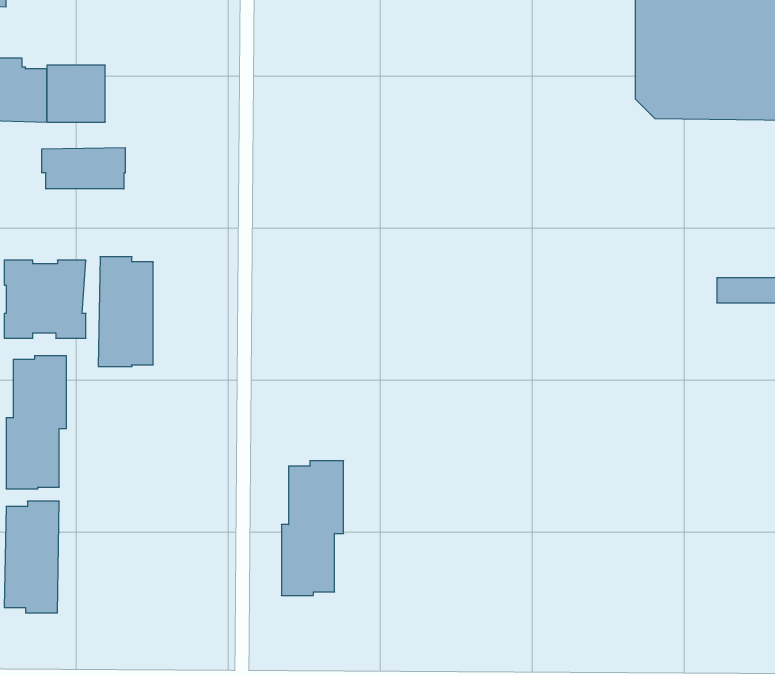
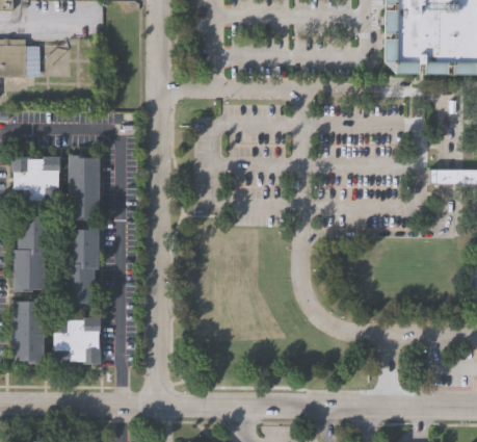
building: [42,148,125,189] -> none
building: [281,461,344,595] -> [64,228,101,307]
building: none -> [53,317,102,364]

